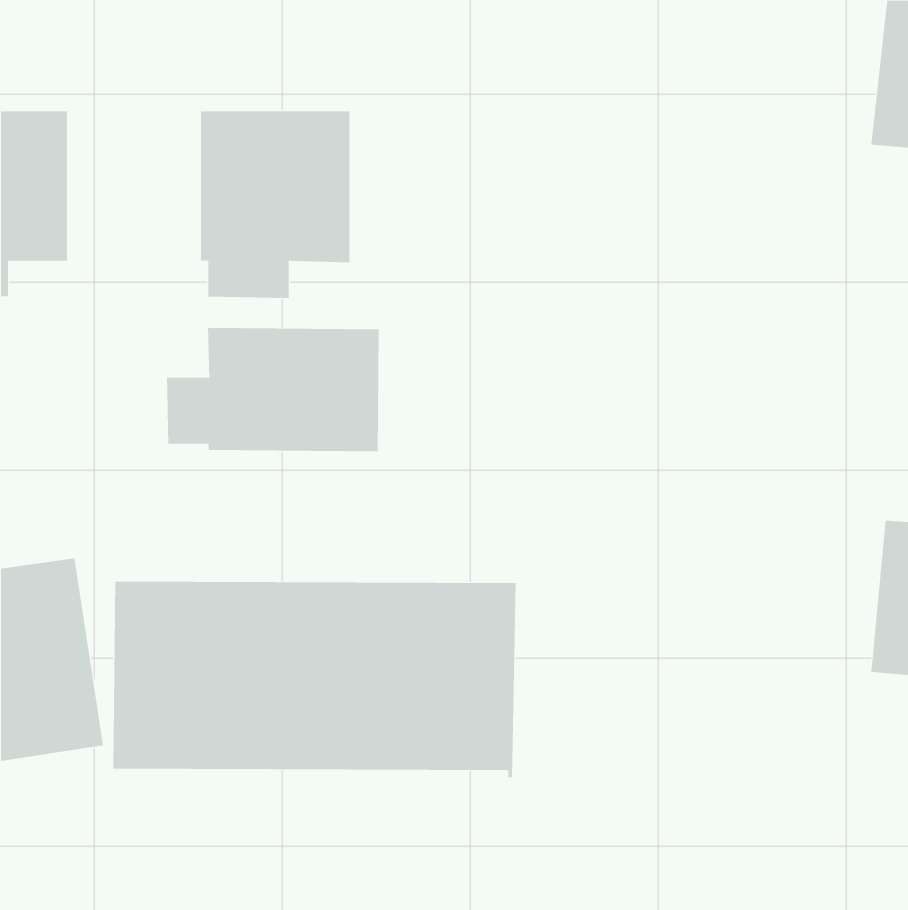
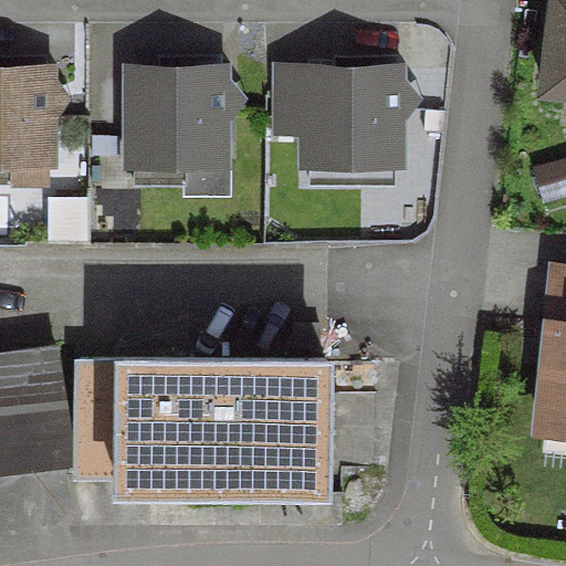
building: none -> [271,71,396,186]
building: [166,327,379,452] -> none

